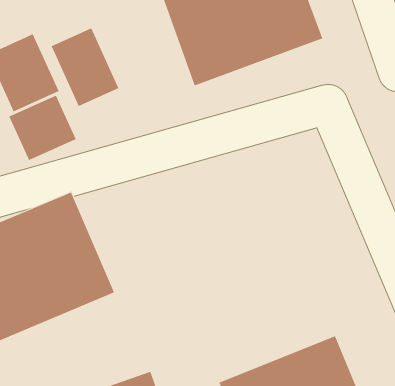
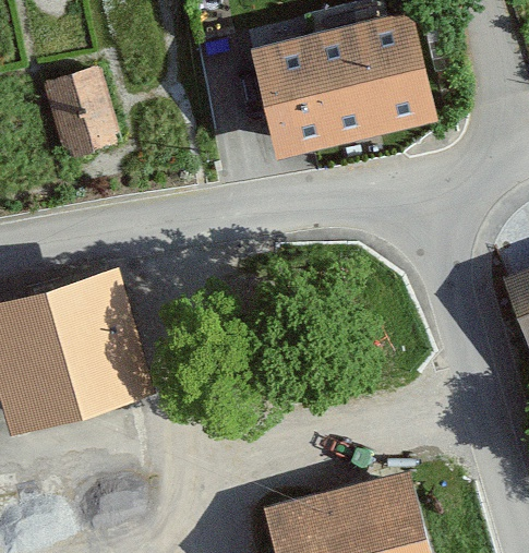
building: [51,28,119,107] -> none
building: [9,95,76,161] -> none

